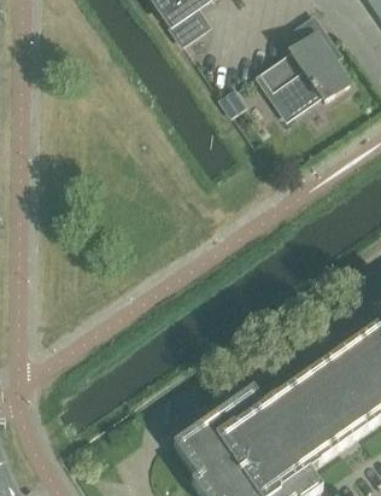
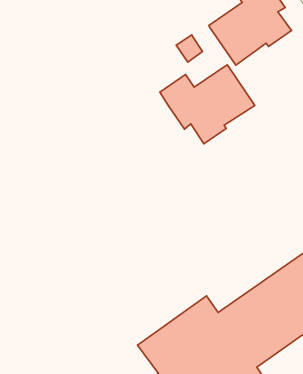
building: none -> [160,65,255,144]

